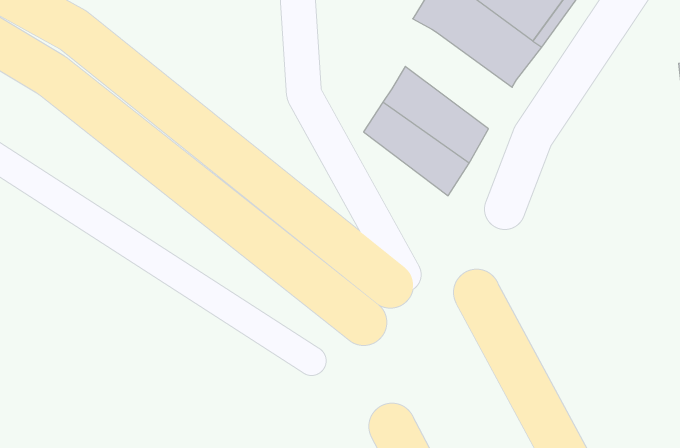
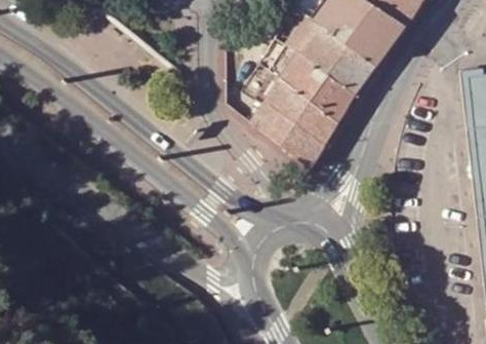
building: none -> [270,45,355,121]

